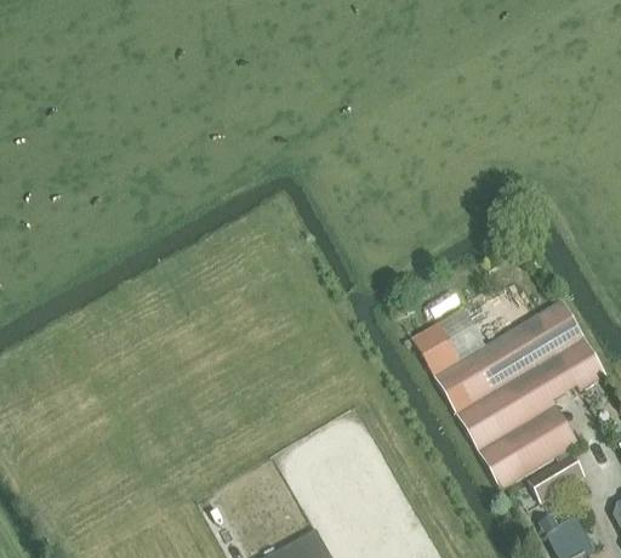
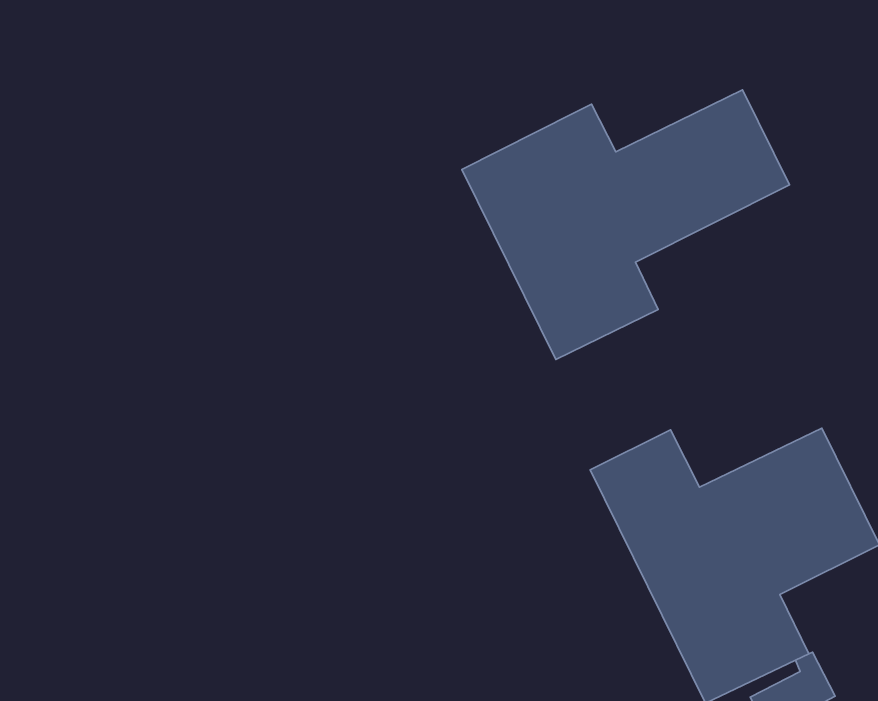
building: none -> [462,90,789,360]

